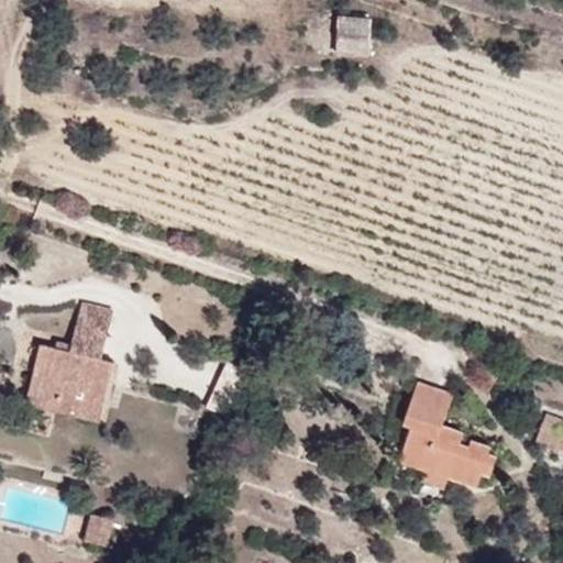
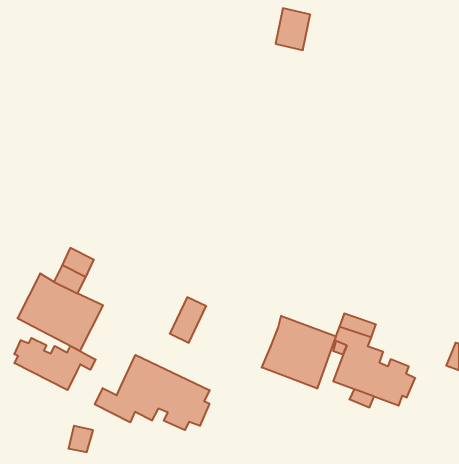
building: none -> [262,316,336,389]
building: none -> [14,338,96,390]
building: none -> [95,355,210,430]

